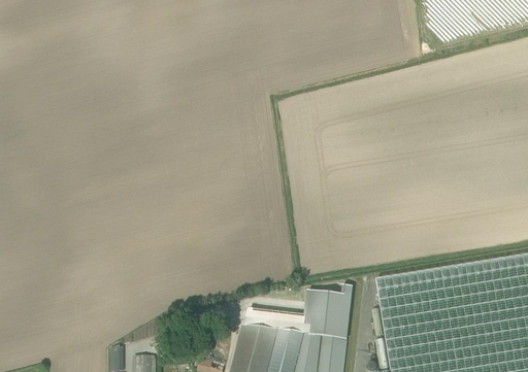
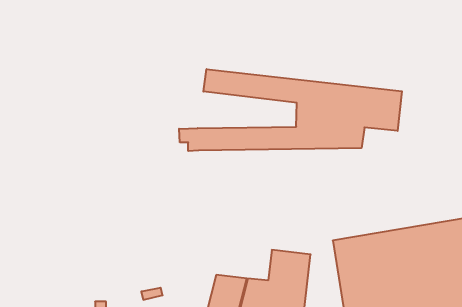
building: none -> [179,69,402,151]

